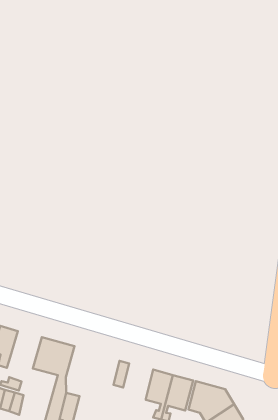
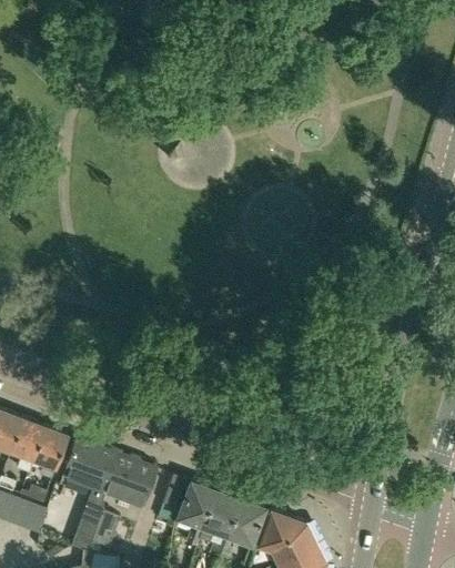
building: none -> [34,428,68,479]
building: none -> [103,453,158,507]
building: none -> [178,481,215,547]

